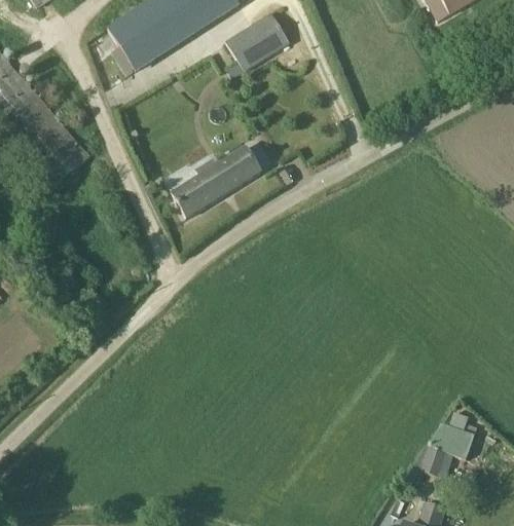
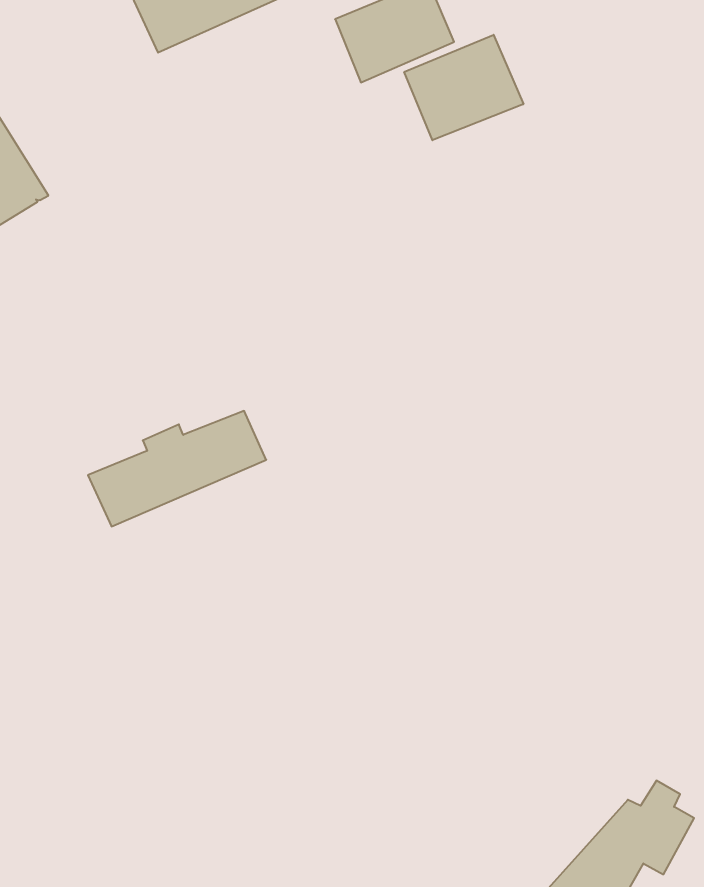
building: none -> [404,35,523,140]
building: [170,146,261,217] -> [88,411,266,526]

